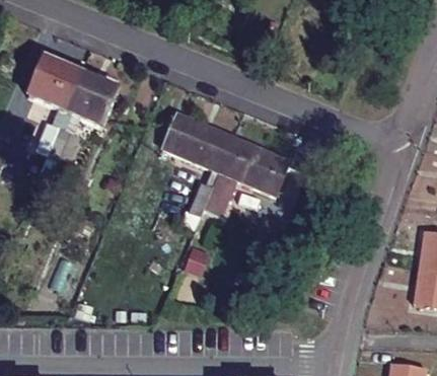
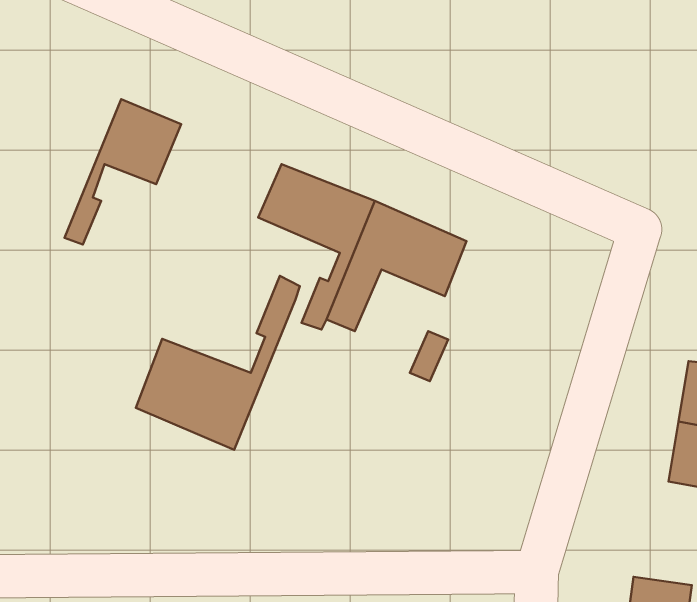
building: [28,55,80,154] -> none
building: none -> [136,276,300,450]

